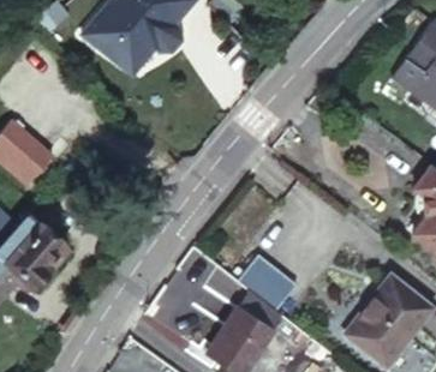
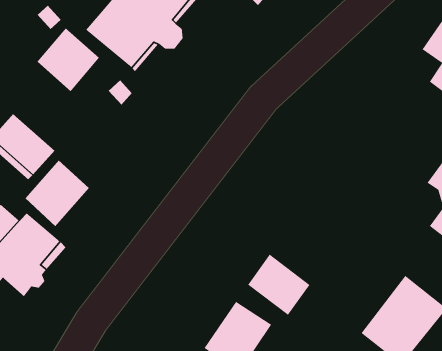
building: none -> [36,27,100,92]
building: none -> [24,160,90,227]

